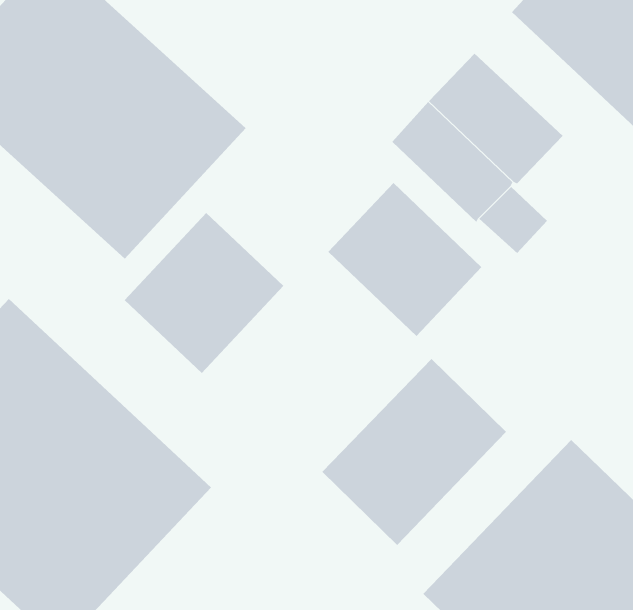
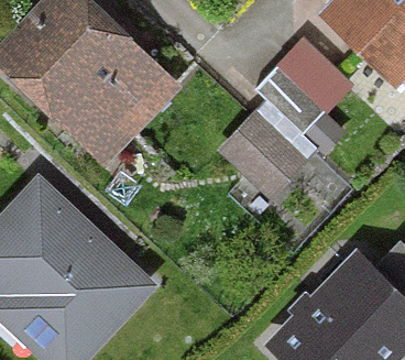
building: [124,212,284,374] -> none
building: [322,358,507,546] -> none

